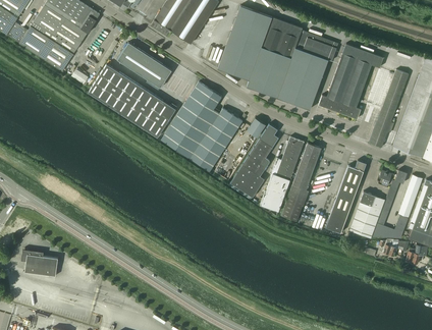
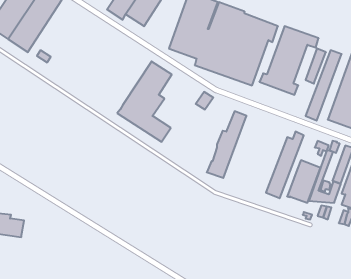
building: [117,43,171,88] -> none
building: [88,64,176,138] -> none
building: [200,108,242,156] -> none
building: [230,124,278,198] -> none
building: [281,144,320,222] -> none

